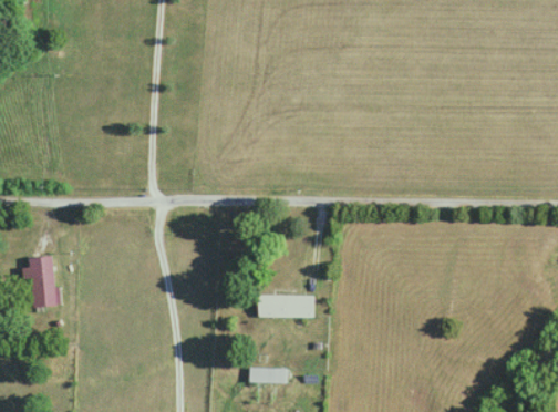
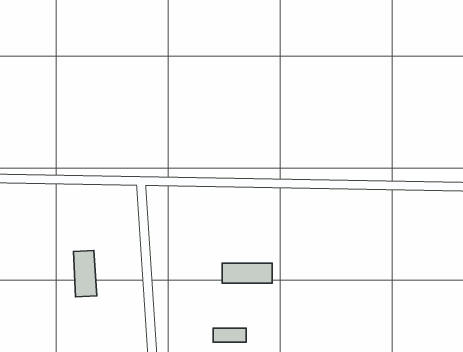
building: [29,256,54,307] -> [74,251,97,297]

